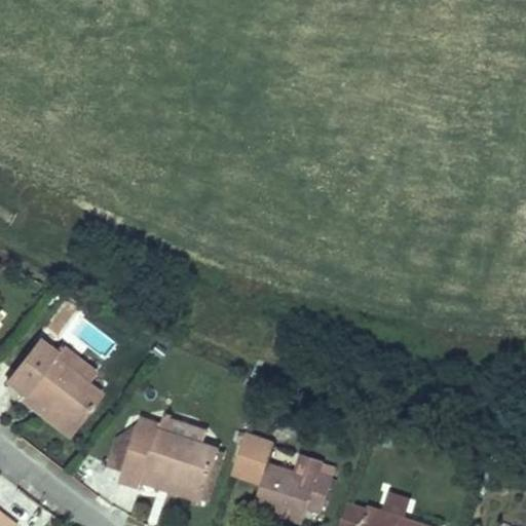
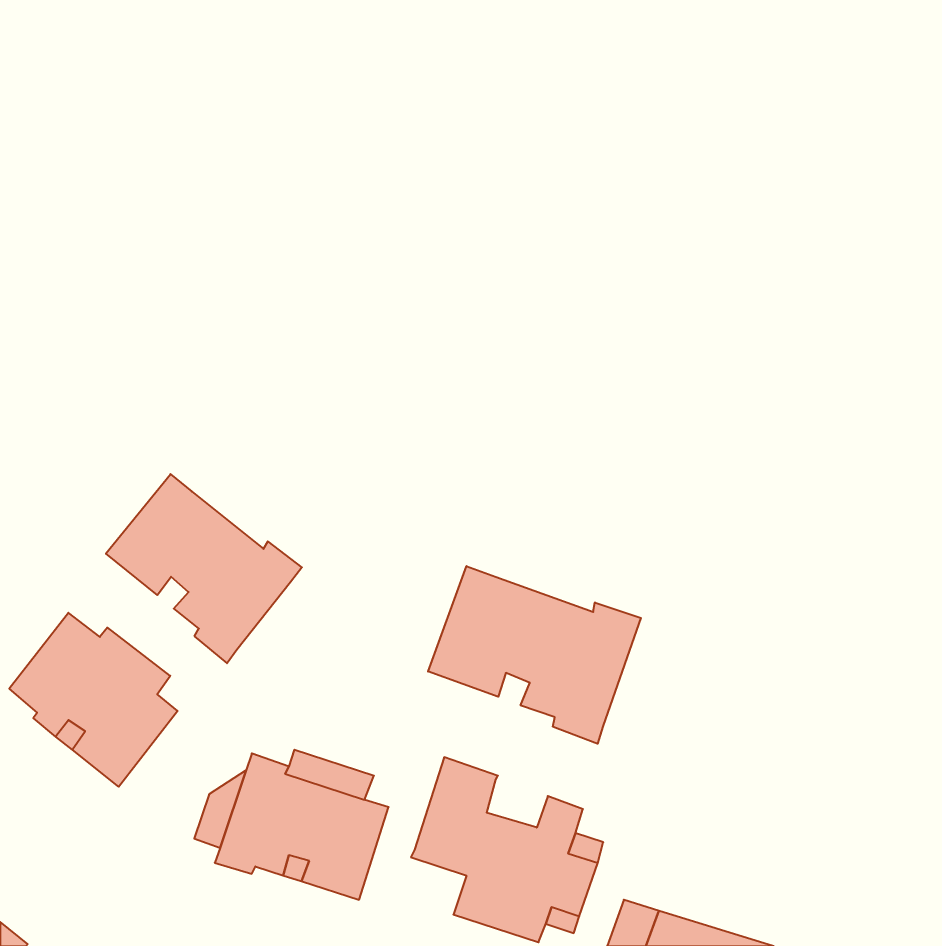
building: none -> [106,474,302,663]
building: none -> [428,566,641,744]

